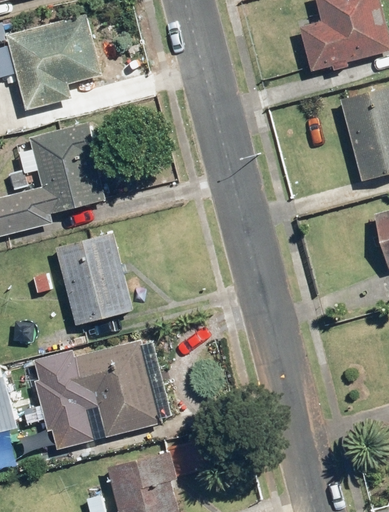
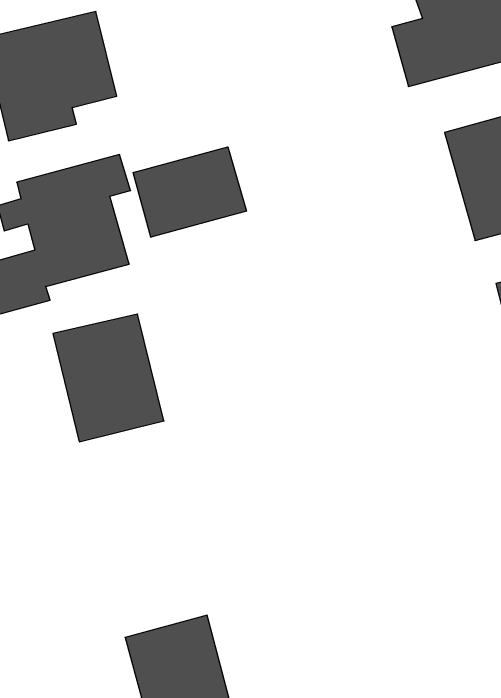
building: none -> [133,147,246,237]
building: [33,338,164,451] -> none

